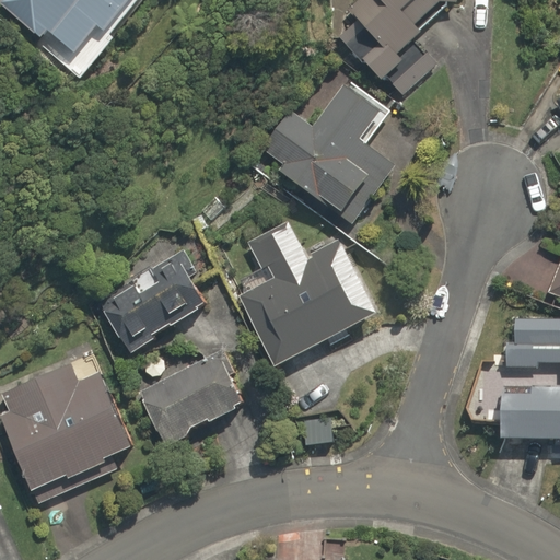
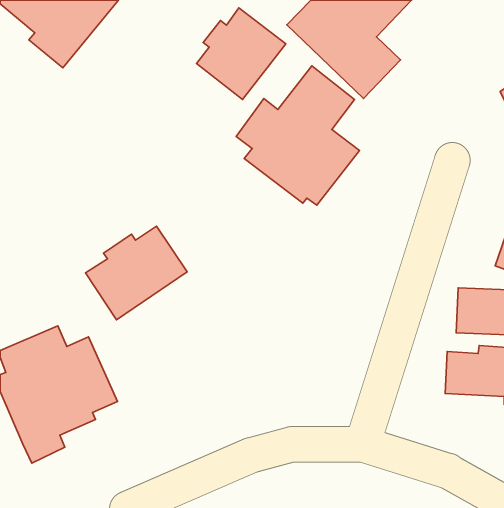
building: none -> [197,8,286,99]
building: [237,211,374,363] -> none
building: [130,350,243,443] -> none

